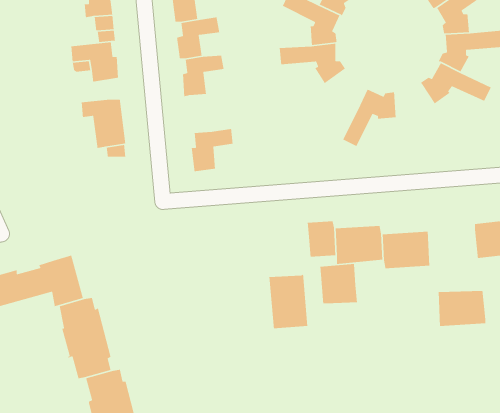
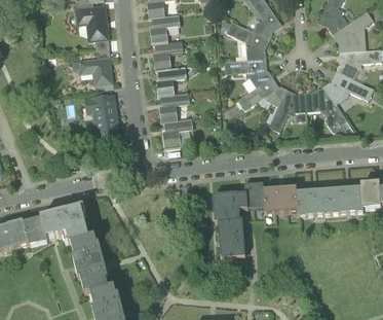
building: none -> [238,77,286,110]
building: none -> [306,87,347,133]
building: none -> [160,93,190,122]
building: [320,263,358,304] -> [214,193,240,222]
building: [438,290,486,327] -> [330,189,363,215]

